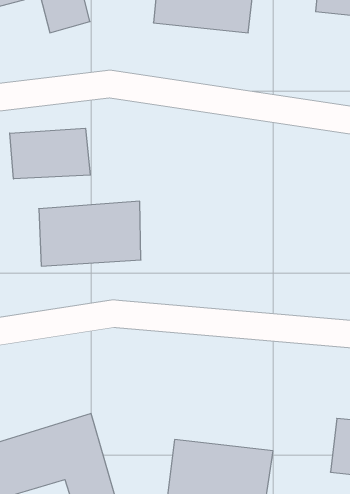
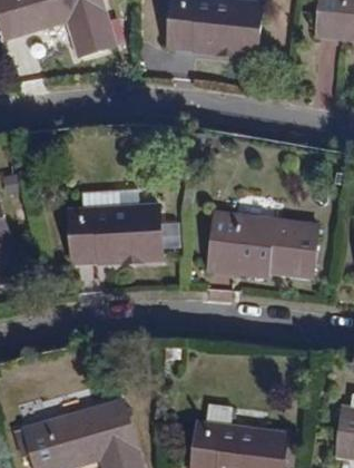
building: [10,128,90,179] -> none
building: none -> [209,209,319,273]

